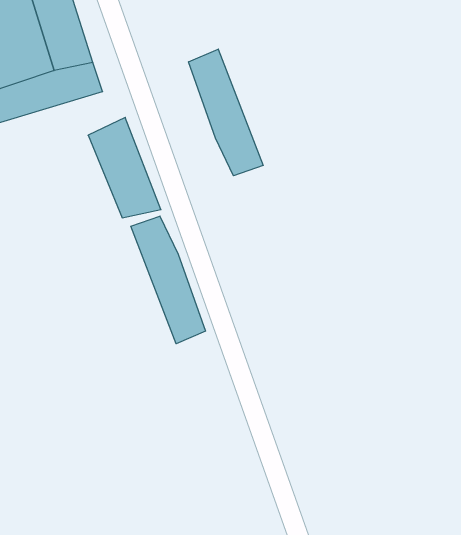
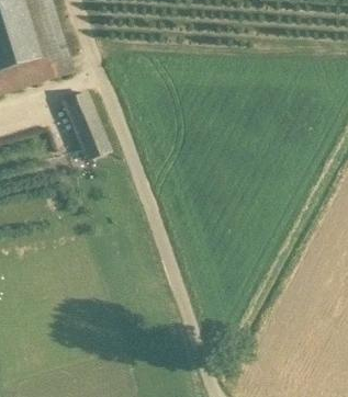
building: [189,49,263,176] -> none
building: [131,216,205,344] -> none

